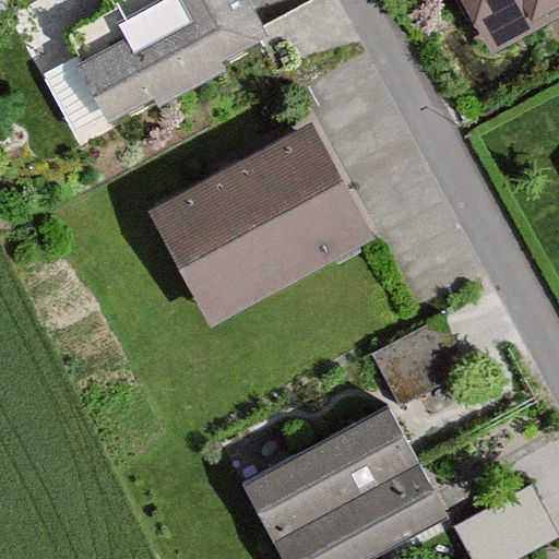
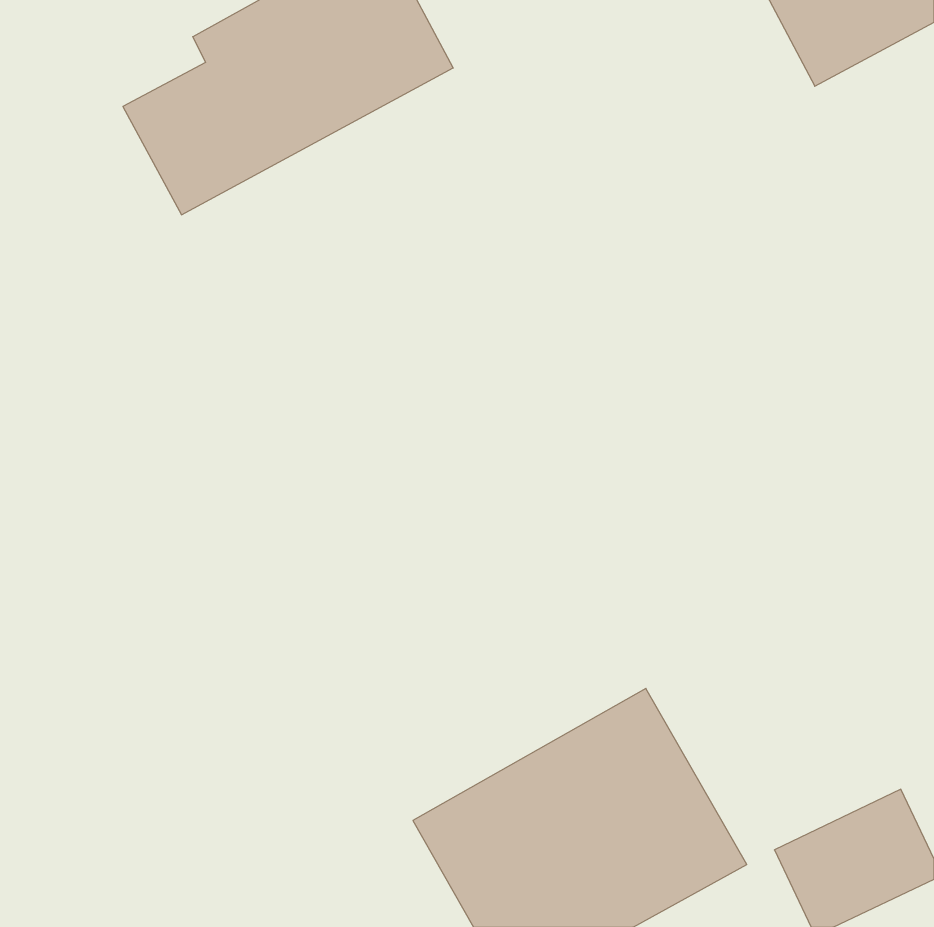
building: [147,126,373,329] -> none

